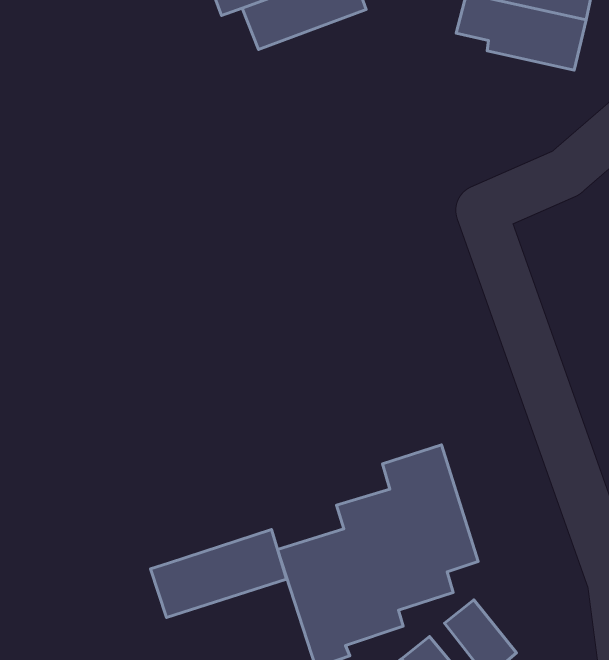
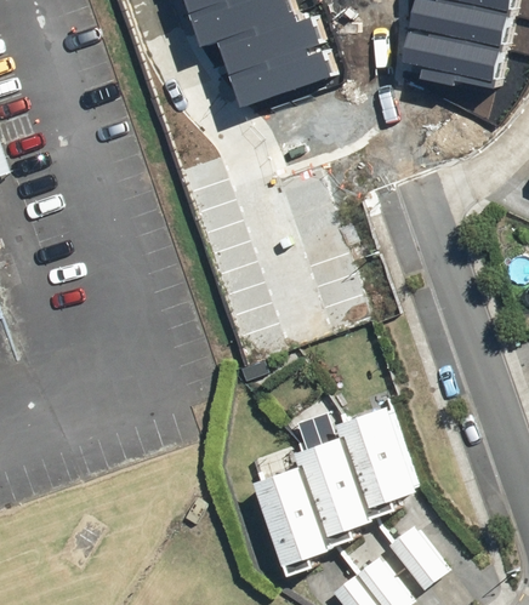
building: none -> [234,40,335,105]
building: [150,530,286,618] -> none

